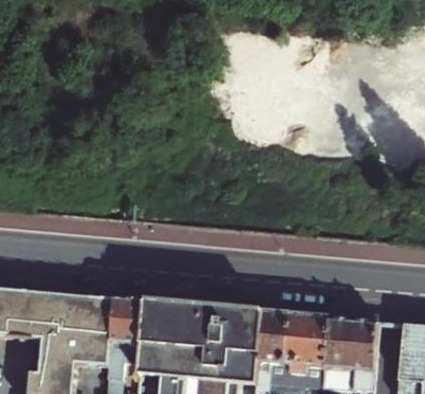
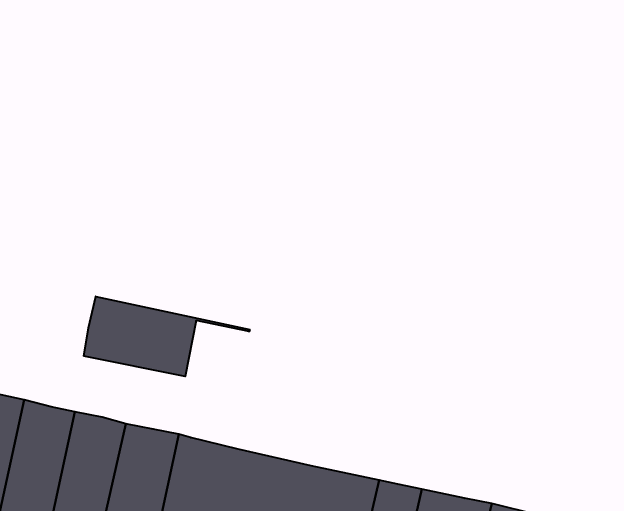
building: none -> [84,296,250,376]

